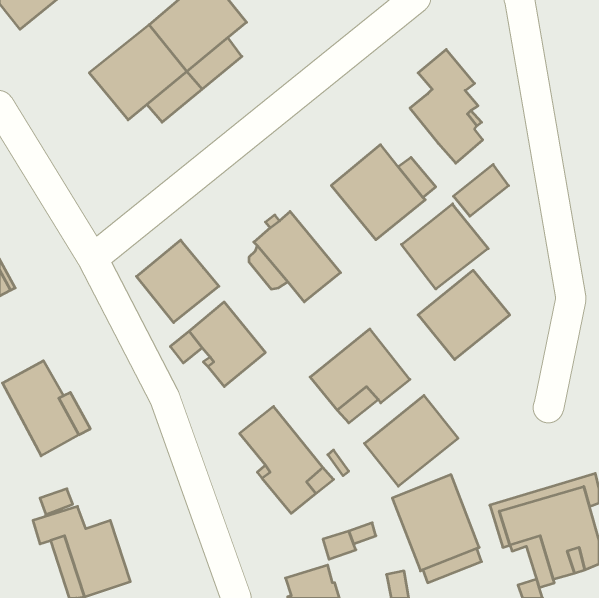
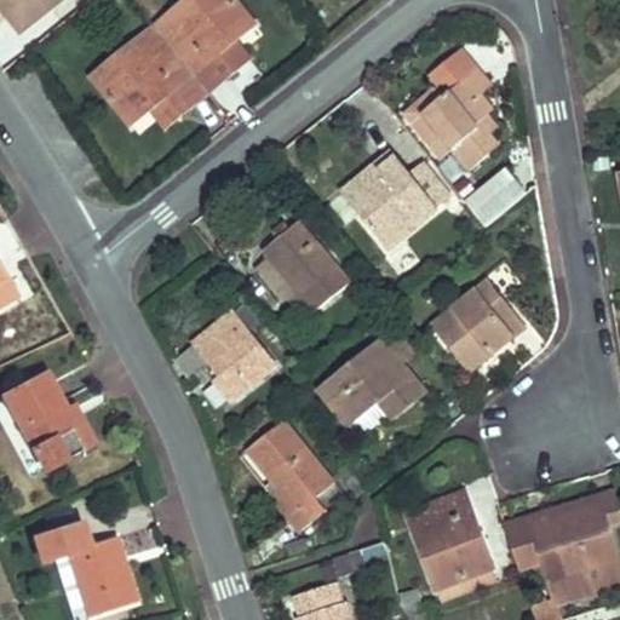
building: none -> [404,87,452,157]
building: [401,204,488,289] -> none
building: [136,240,219,323] -> none
building: [364,395,458,486] -> none

